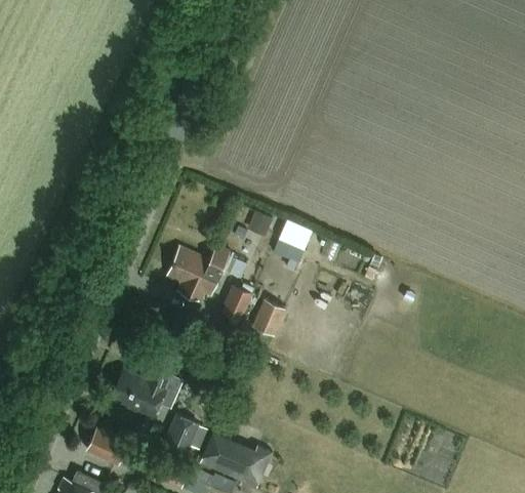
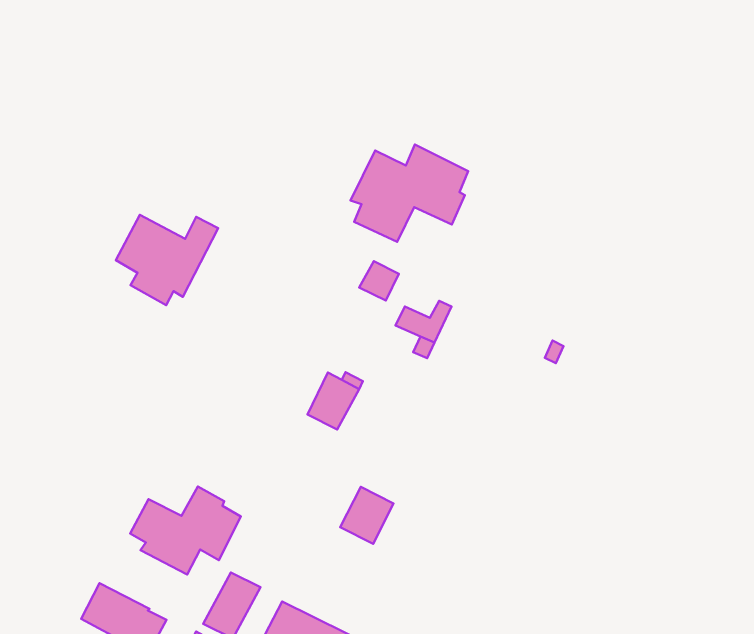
building: none -> [351,145,468,242]
building: [165,245,229,302] -> [116,215,218,305]
building: [253,299,286,335] -> [340,487,393,544]

